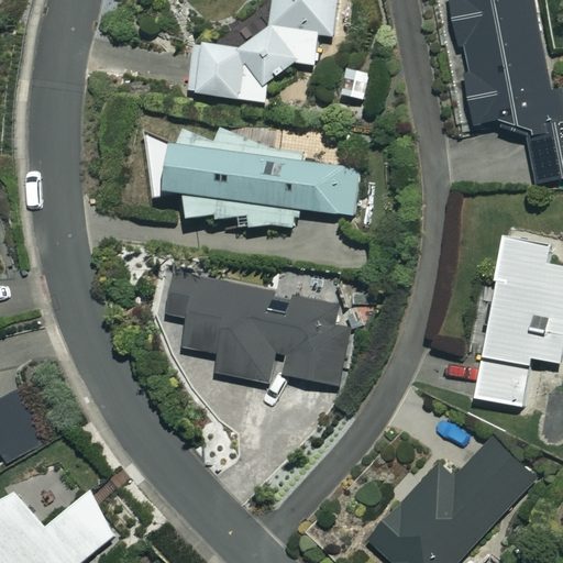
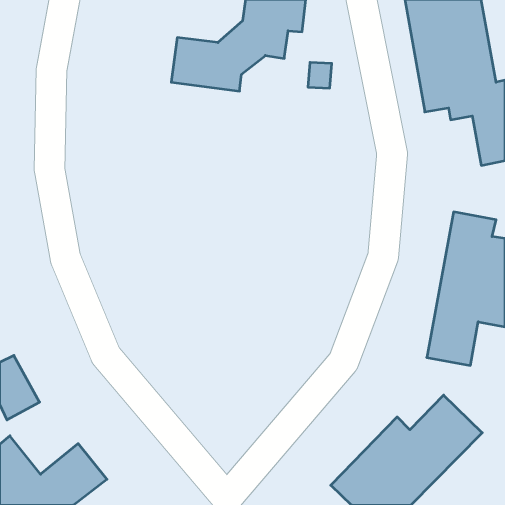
building: [147,132,360,225] -> none
building: [163,272,351,385] -> none

